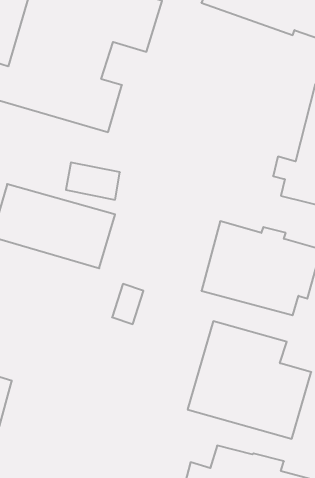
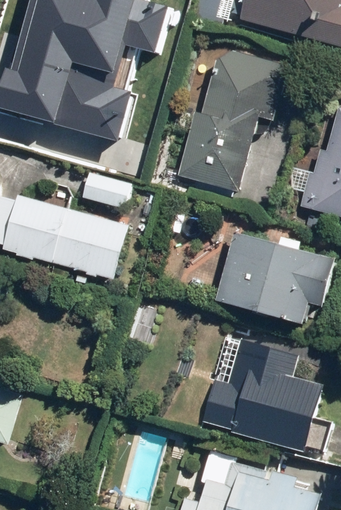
building: none -> [178,45,296,193]

